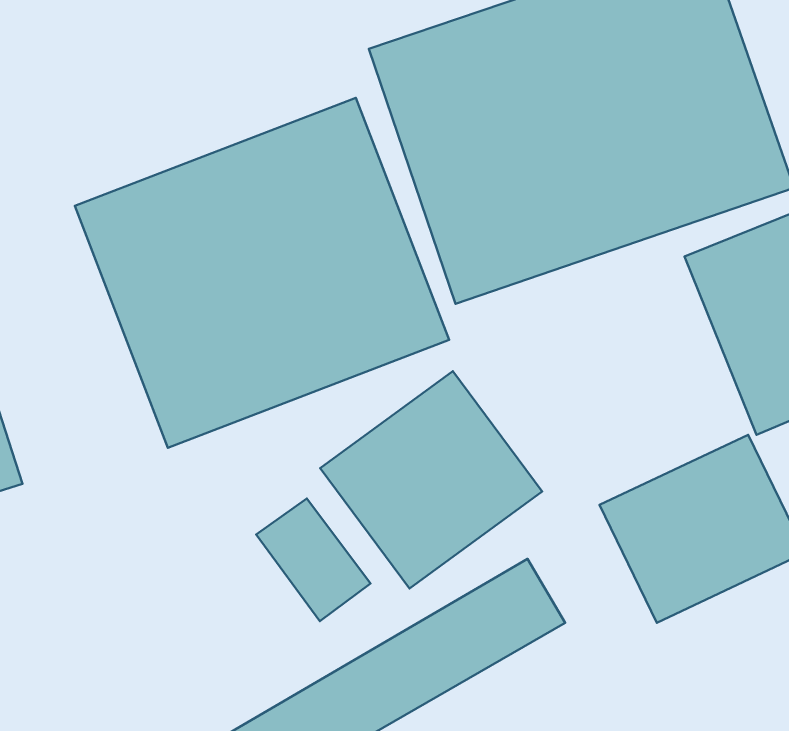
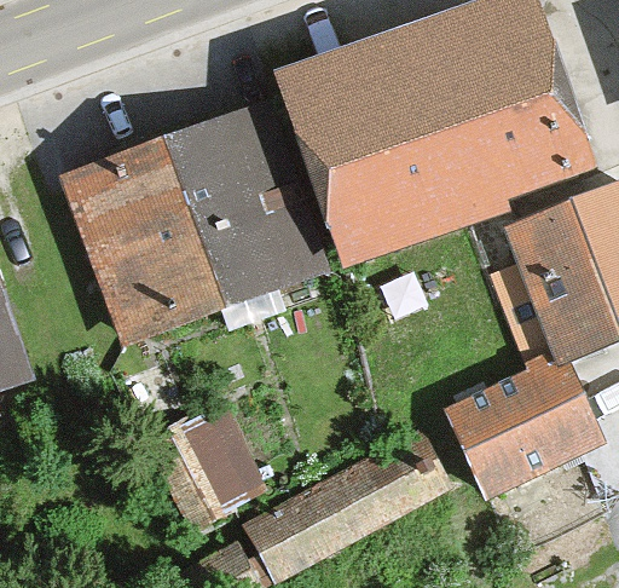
building: [320,371,542,588] -> none

